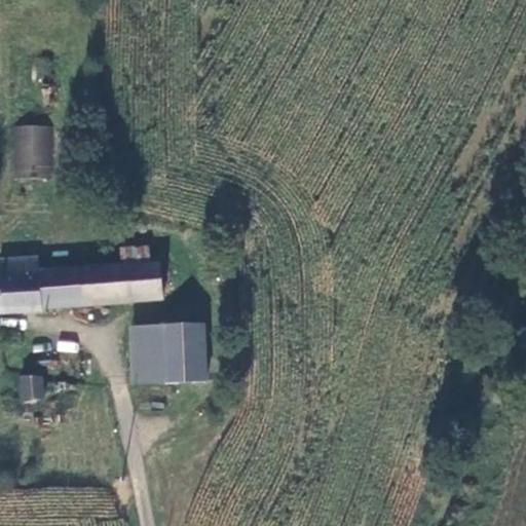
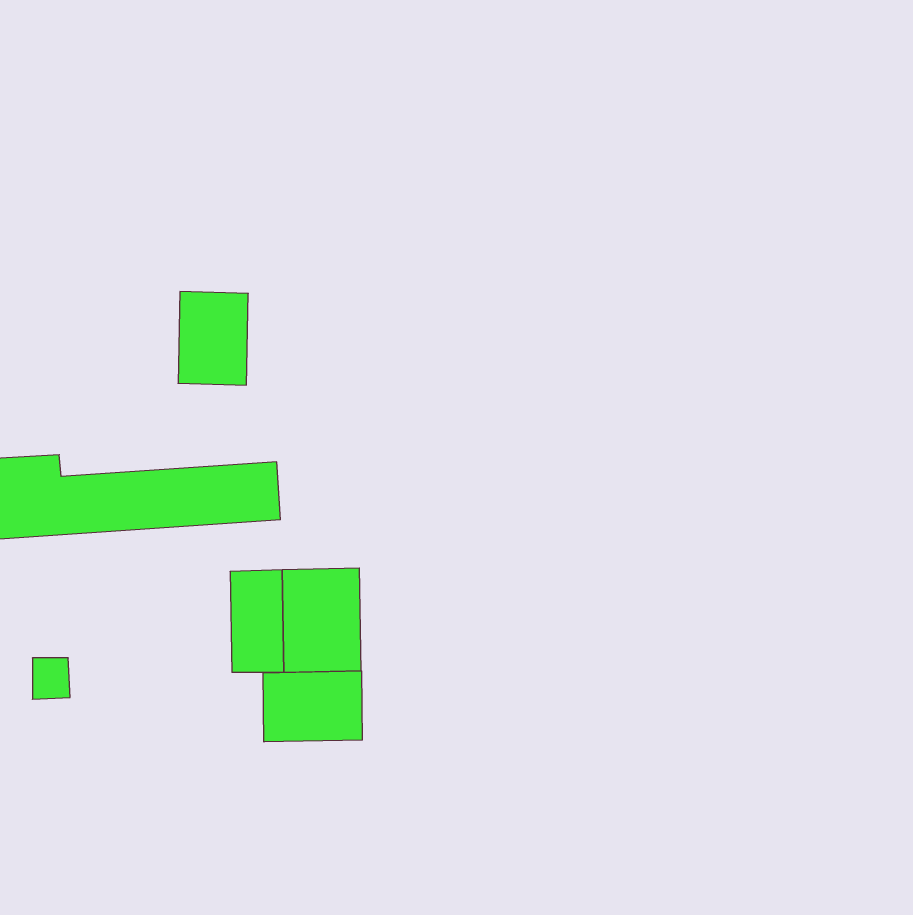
building: [10,122,50,176] -> [178,292,248,385]
building: none -> [263,671,362,742]

